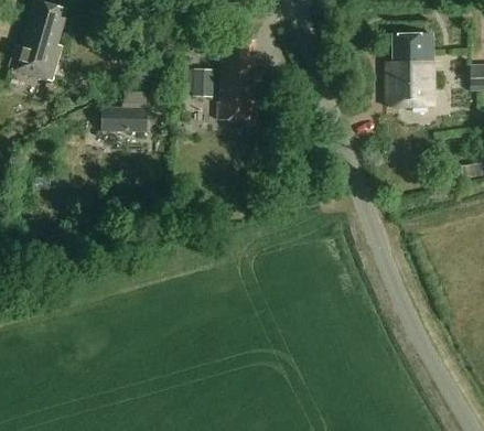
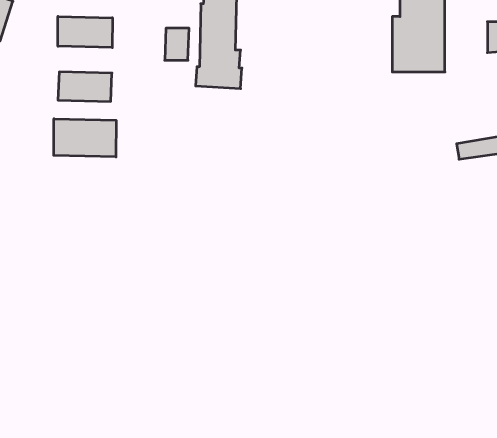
building: none -> [58,16,112,48]
building: none -> [54,119,116,157]

